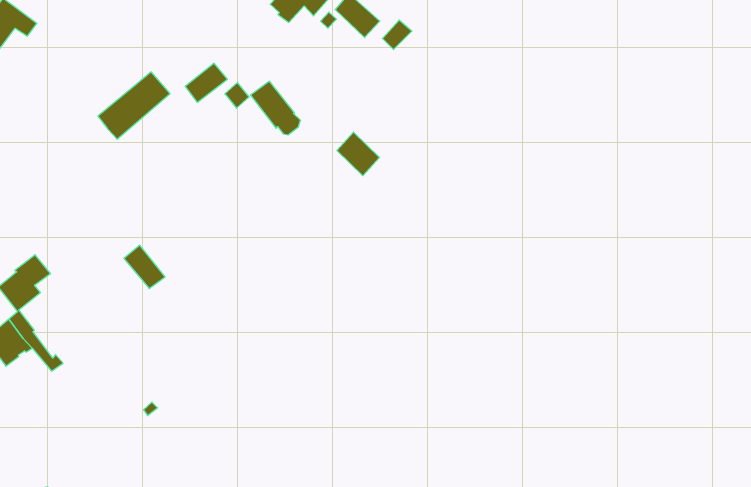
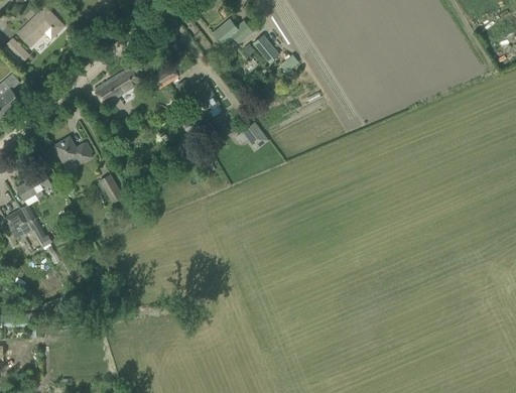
building: none -> [53,136,92,164]

